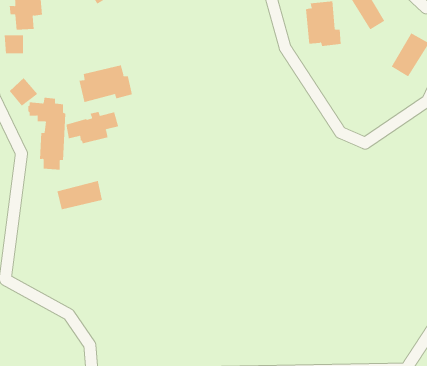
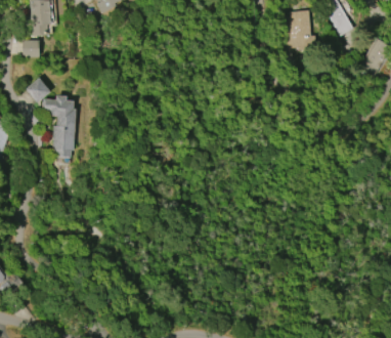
building: [79,64,132,103] -> none
building: [66,111,119,144] -> none
building: [57,180,102,210] -> none

